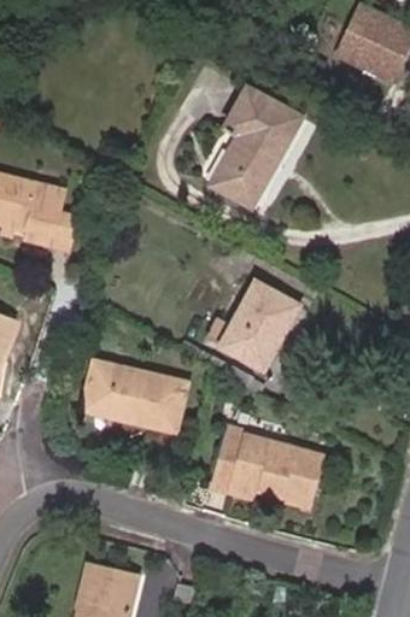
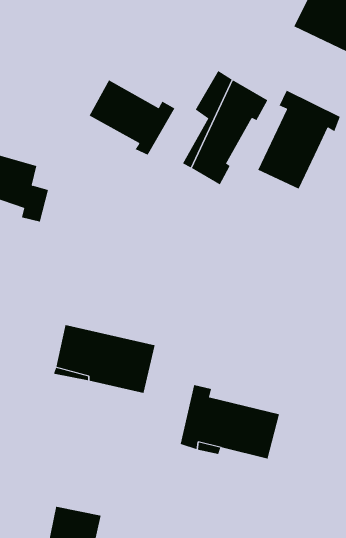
building: none -> [89,80,175,156]
building: none -> [258,90,341,189]
building: [217,281,291,365] -> none

